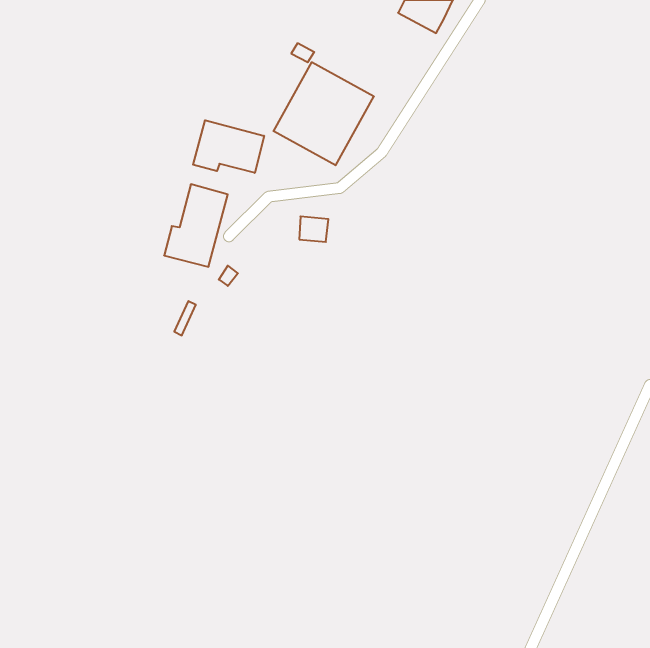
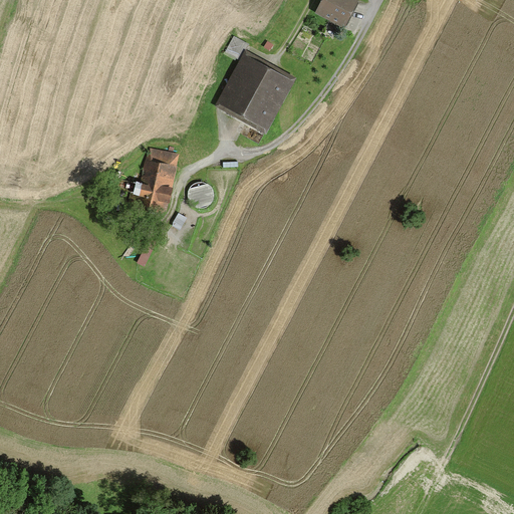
building: [193,120,264,173] -> none
building: [299,216,328,242] -> [191,183,214,203]

